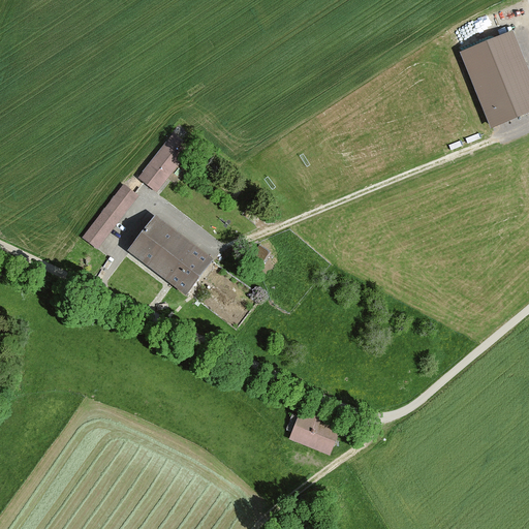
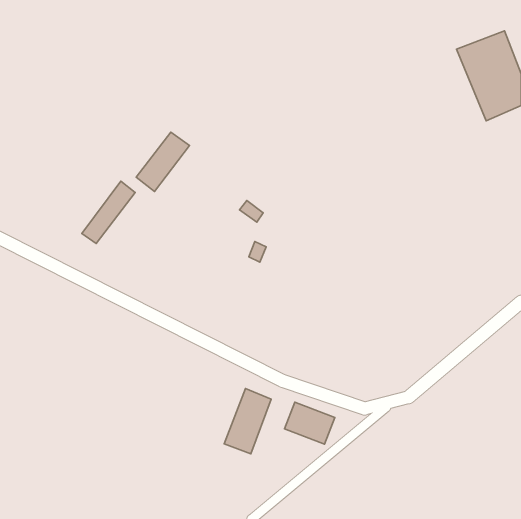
building: [126,216,214,299] -> none
building: none -> [224,389,271,454]

